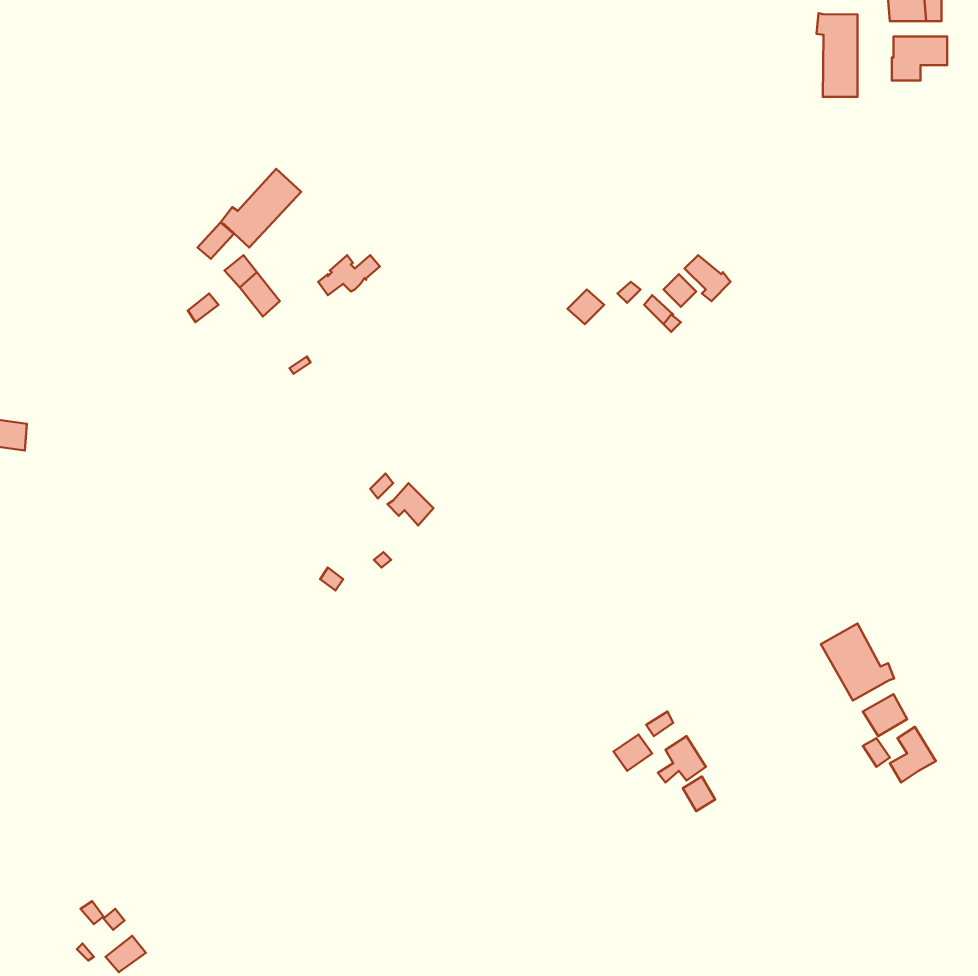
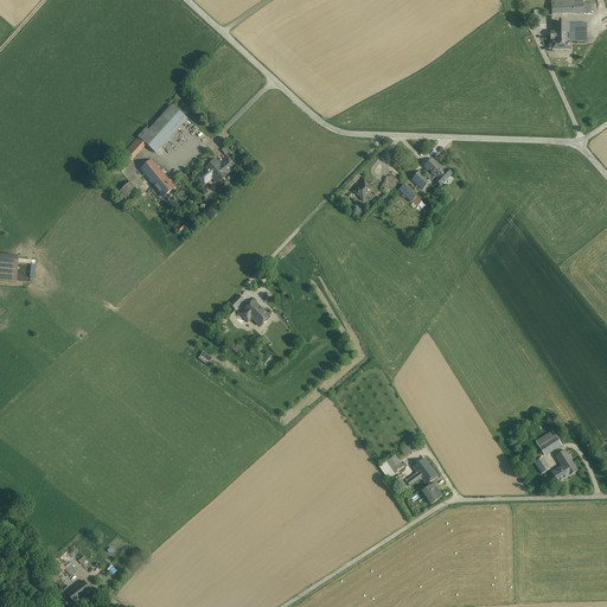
building: [816,13,858,97] -> none
building: [821,624,894,700] -> none

